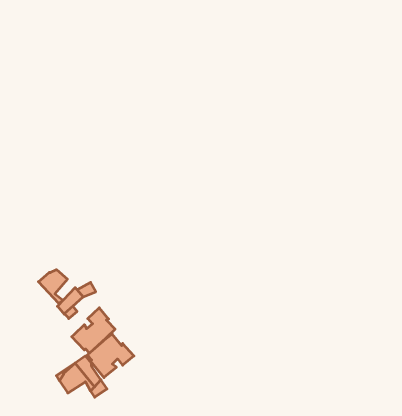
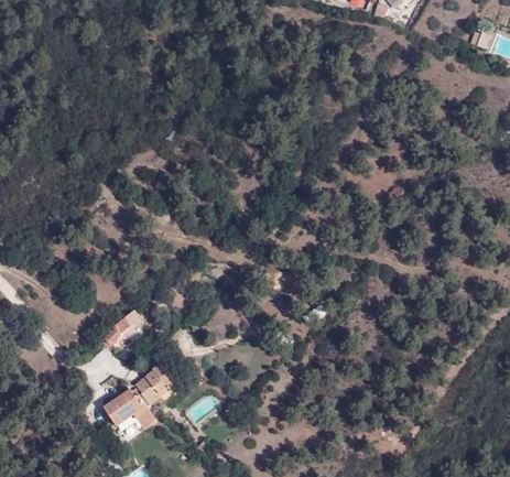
building: [38,270,67,303] -> none
building: [72,308,115,353] -> none

